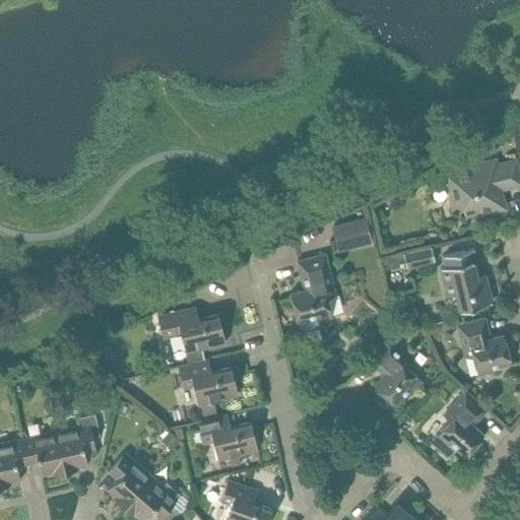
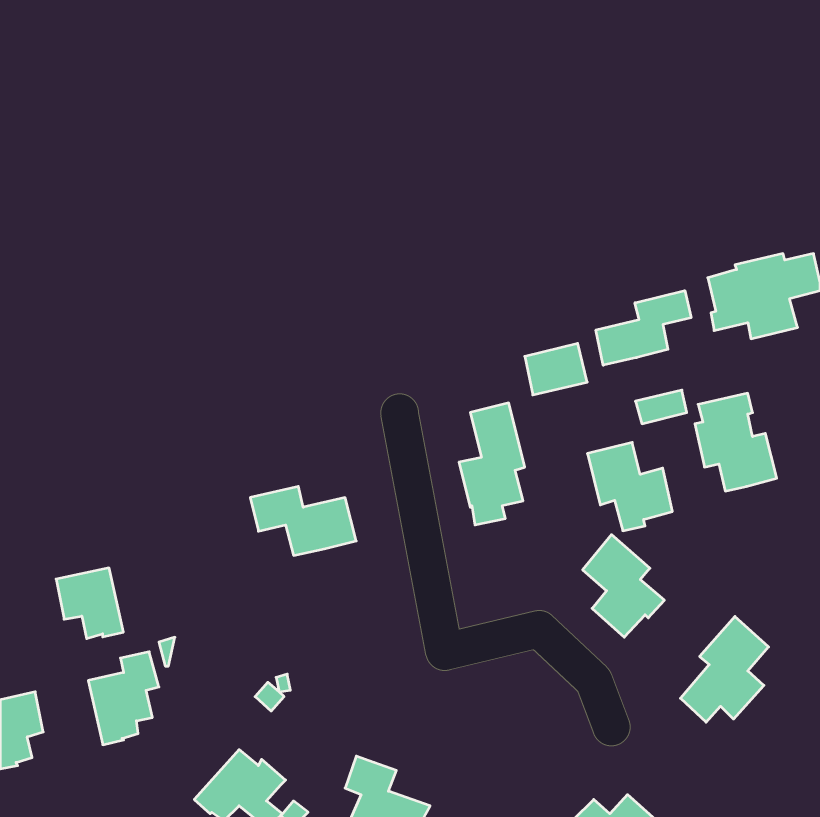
building: none -> [596,291,691,365]
building: [456,320,510,376] -> [587,442,672,531]
building: [180,363,238,416] -> none
building: [199,416,258,462] -> none
building: [22,433,65,477] -> [56,568,123,639]
building: [107,453,151,508] -> none

